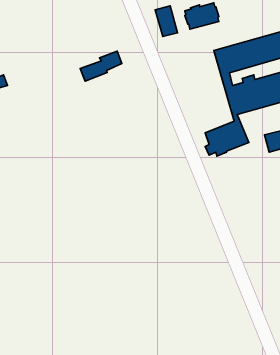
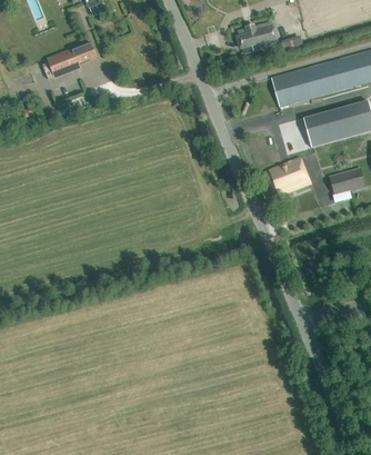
building: [155,6,177,37] -> none
building: [80,51,122,81] -> [50,41,98,76]

